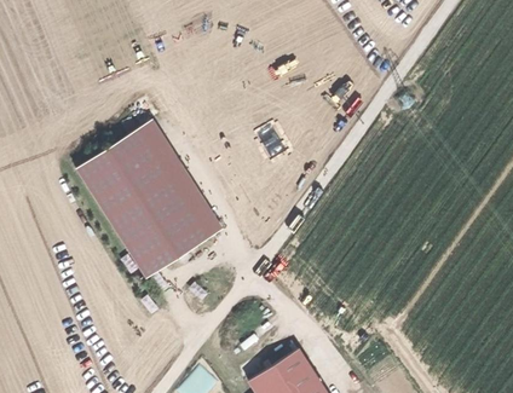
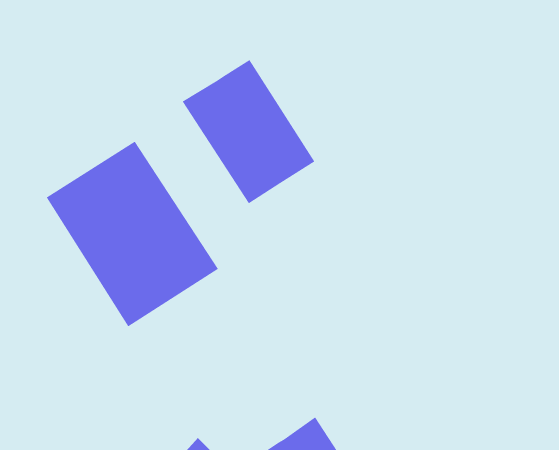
building: none -> [182,59,315,204]

